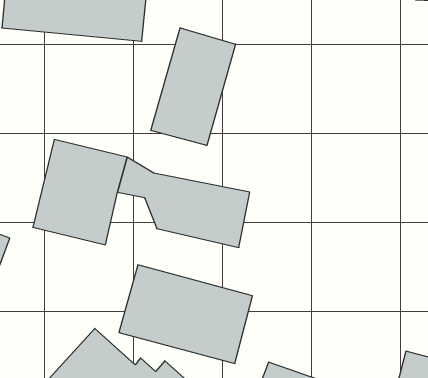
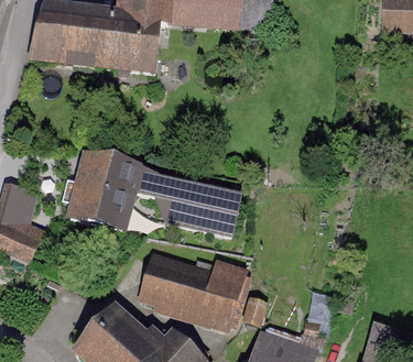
building: [151,28,236,146] -> none

